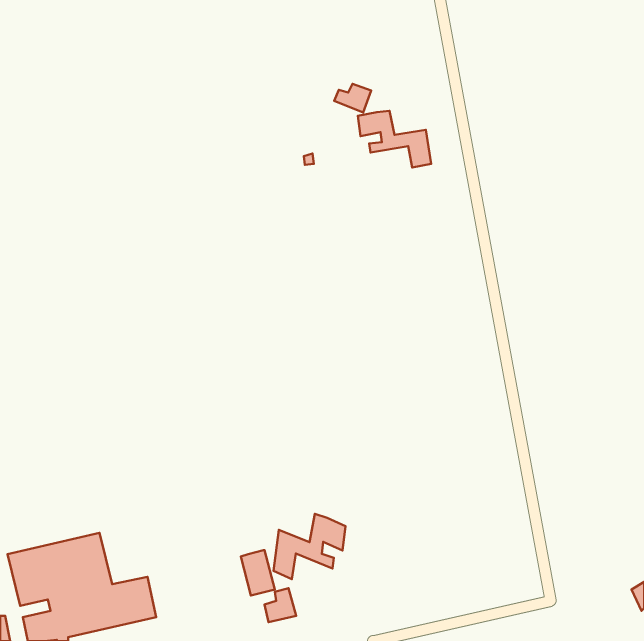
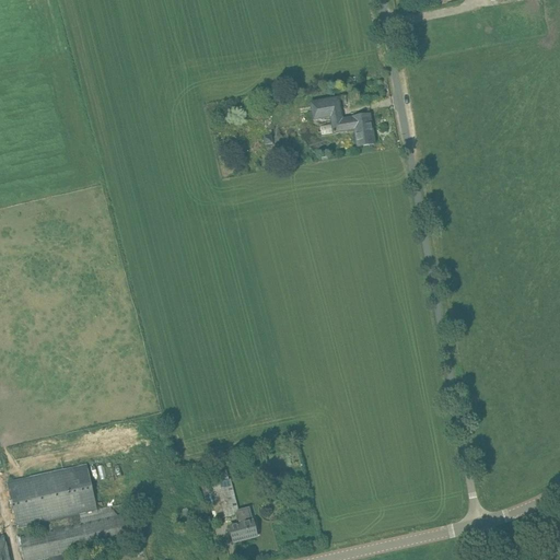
building: [334,84,371,112] -> none
building: [273,514,345,579] -> none

